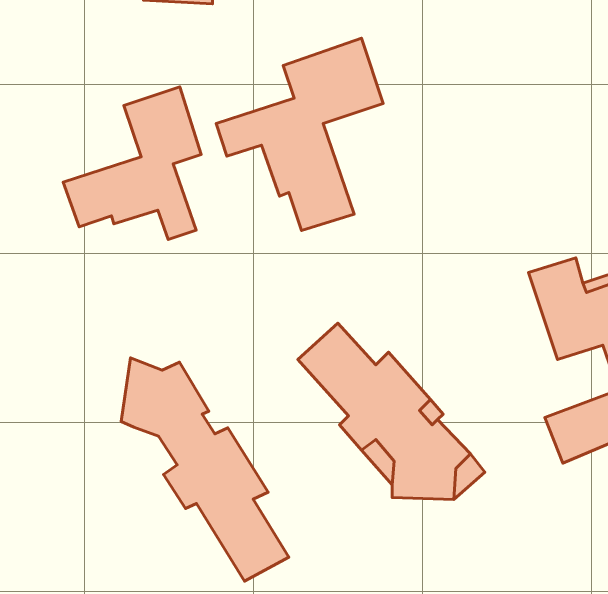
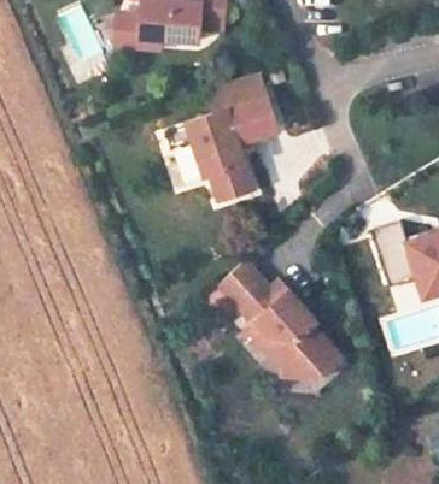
building: [63,87,201,240] -> none
building: [121,358,289,581] -> none

